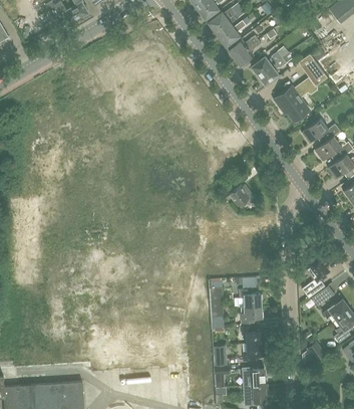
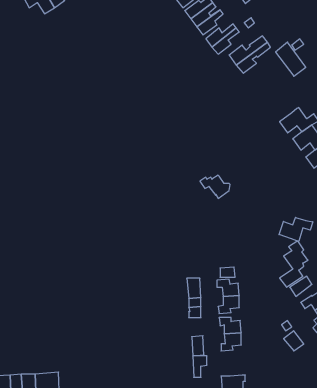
building: [274,84,308,122] -> none
building: none -> [279,217,313,241]
building: [242,366,264,386] -> none

